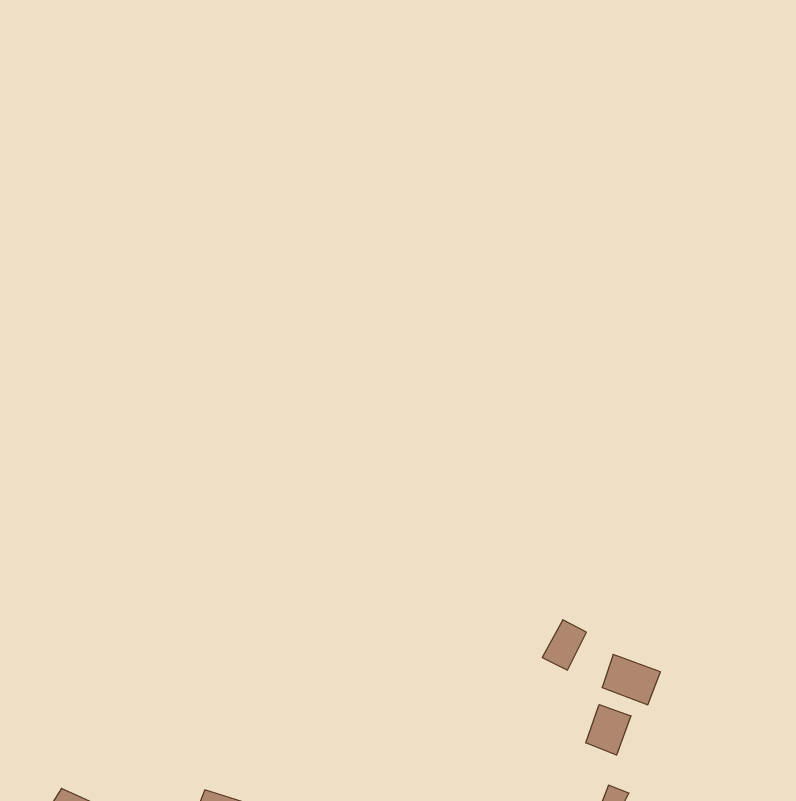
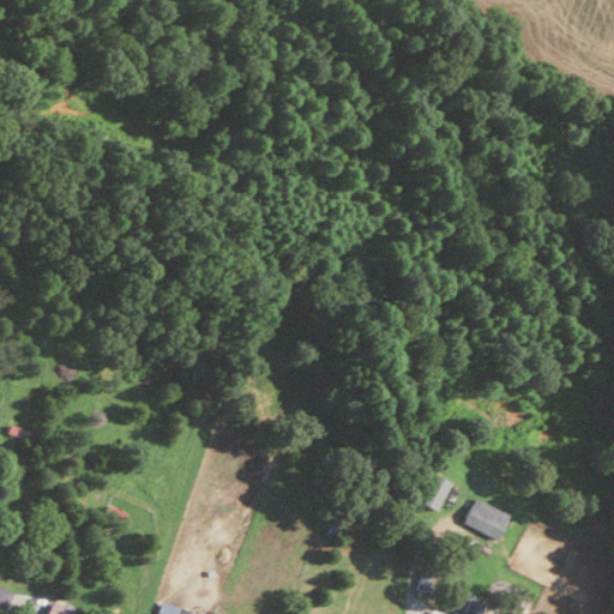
building: [586,705,631,755] -> none

